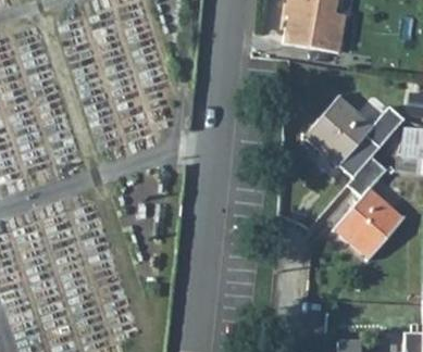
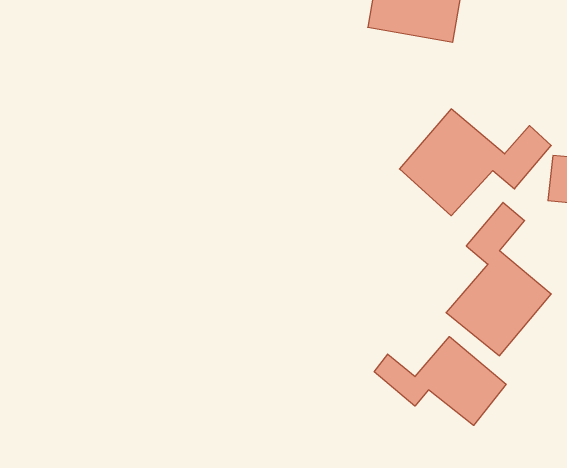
building: none -> [374,337,506,425]

